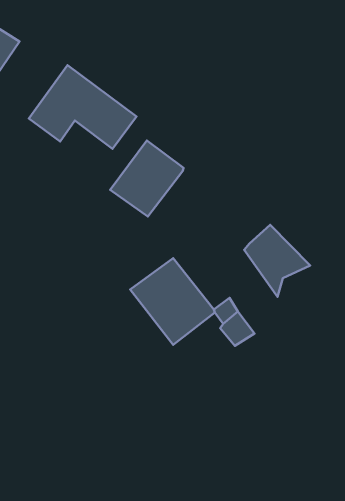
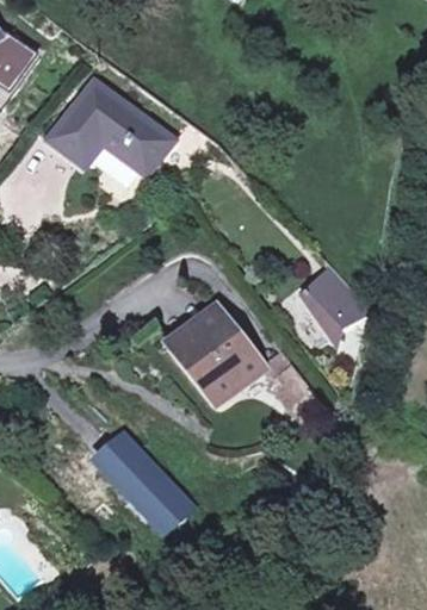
building: [110,141,184,216] -> none
building: none -> [87,425,196,537]

